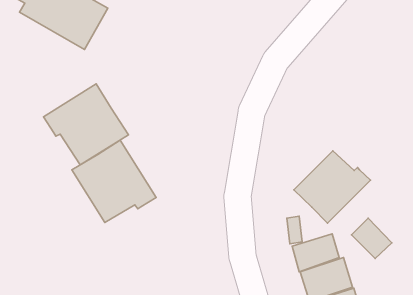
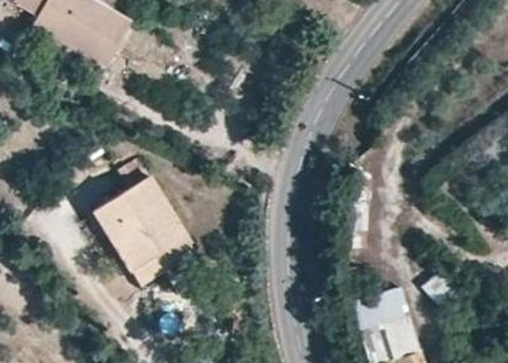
building: [44,84,128,165] -> none
building: [294,151,370,223] -> none

